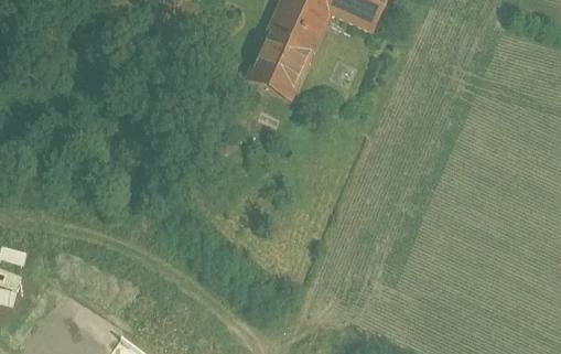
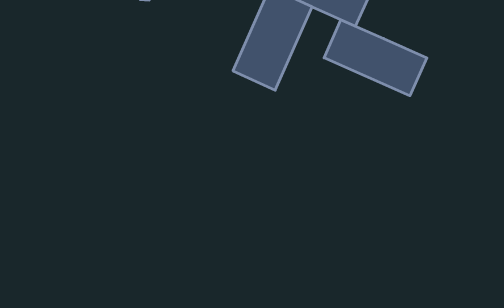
building: none -> [324,20,427,96]

